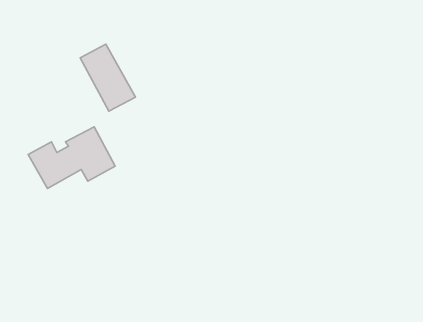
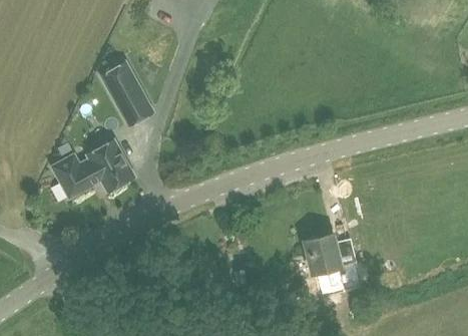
building: none -> [306,234,362,297]

